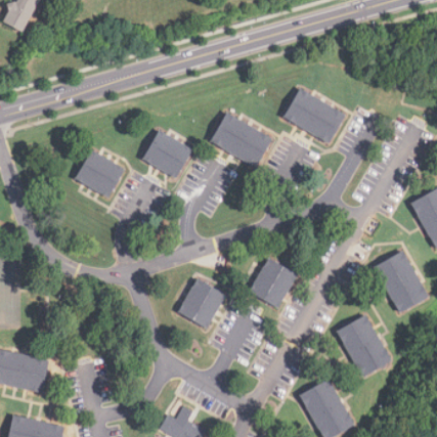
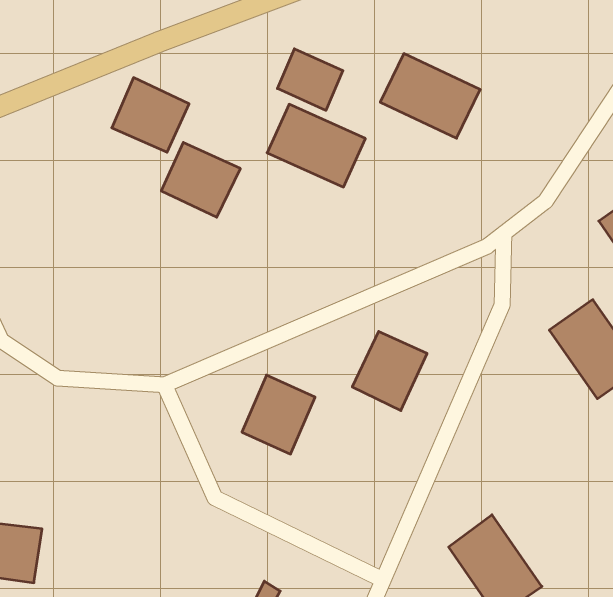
building: none -> [277,49,343,110]
building: [75,149,124,198] -> [112,78,189,152]
building: [336,314,391,377] -> none

